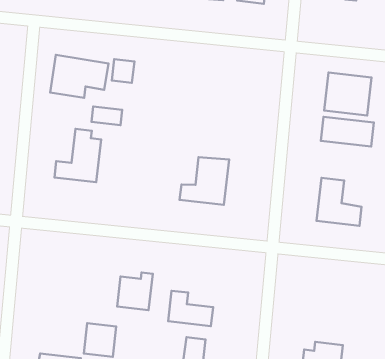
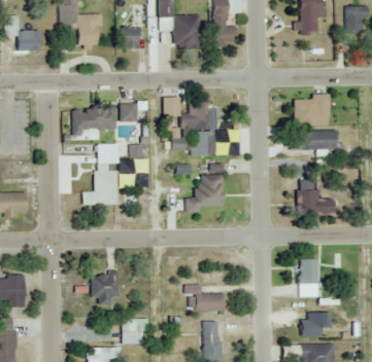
building: none -> [167,100,217,154]
building: [117,272,153,310] -> [92,270,117,300]
building: none -> [300,259,318,296]

